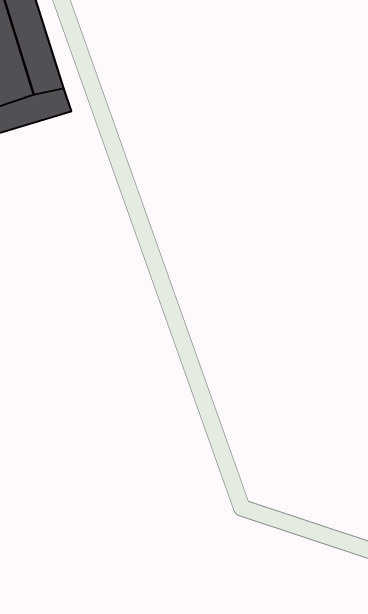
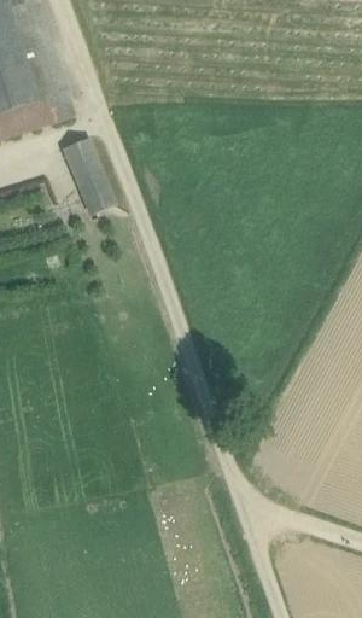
building: none -> [60,135,115,210]

